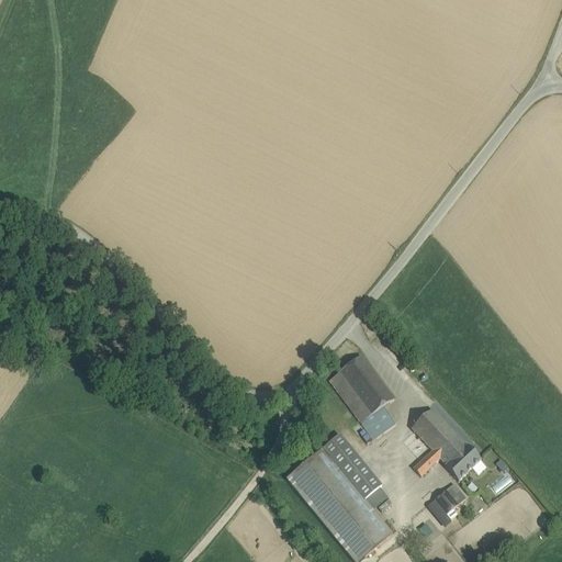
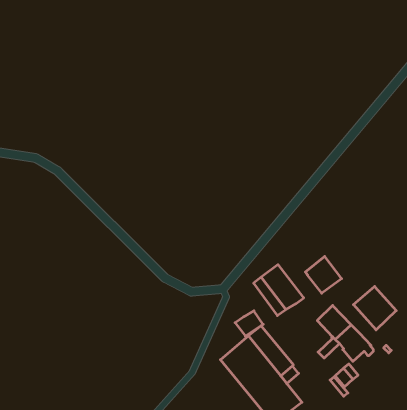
building: none -> [305,256,342,293]
building: none -> [353,286,396,330]
building: [360,404,396,437] -> [235,311,263,336]

